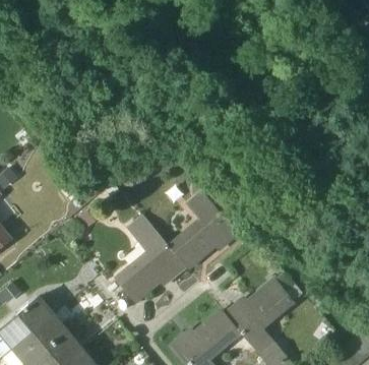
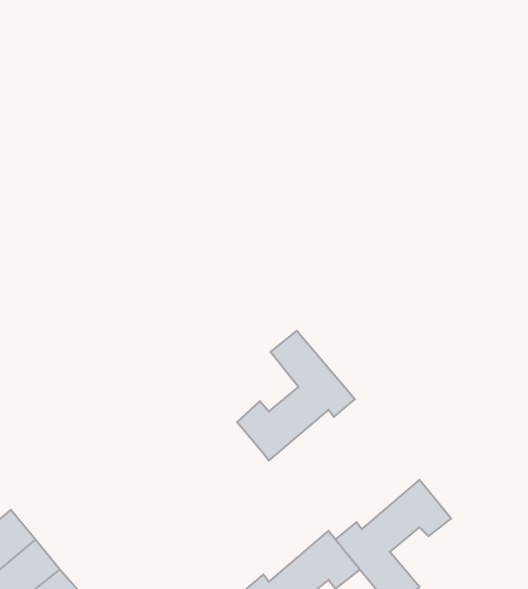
building: [117,225,184,300] -> none

